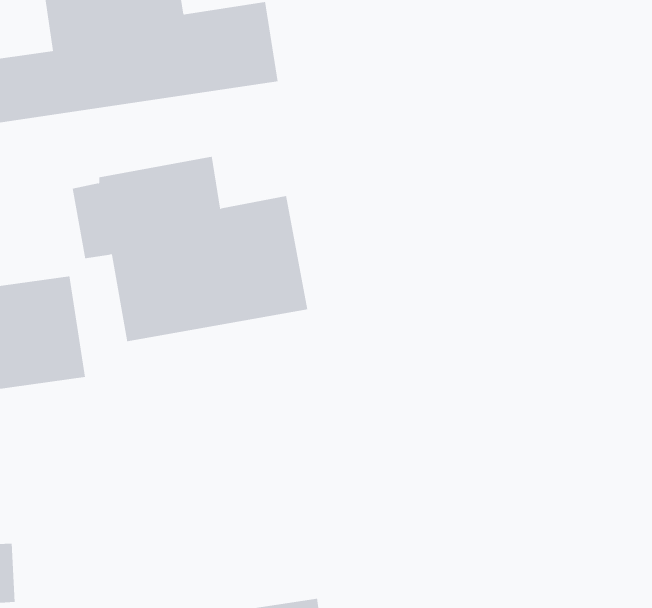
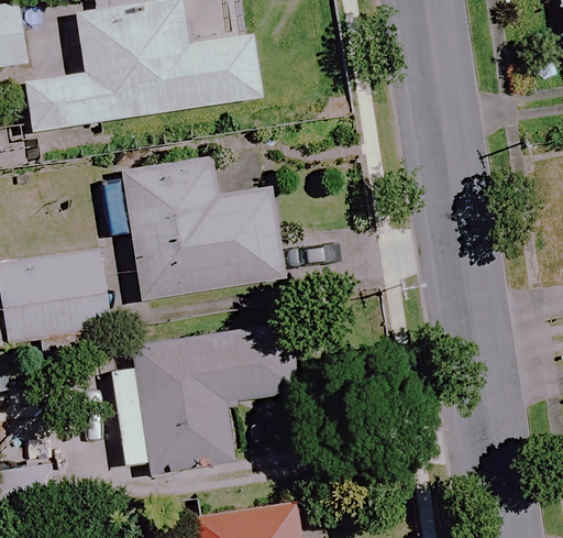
building: none -> [110,321,294,477]

